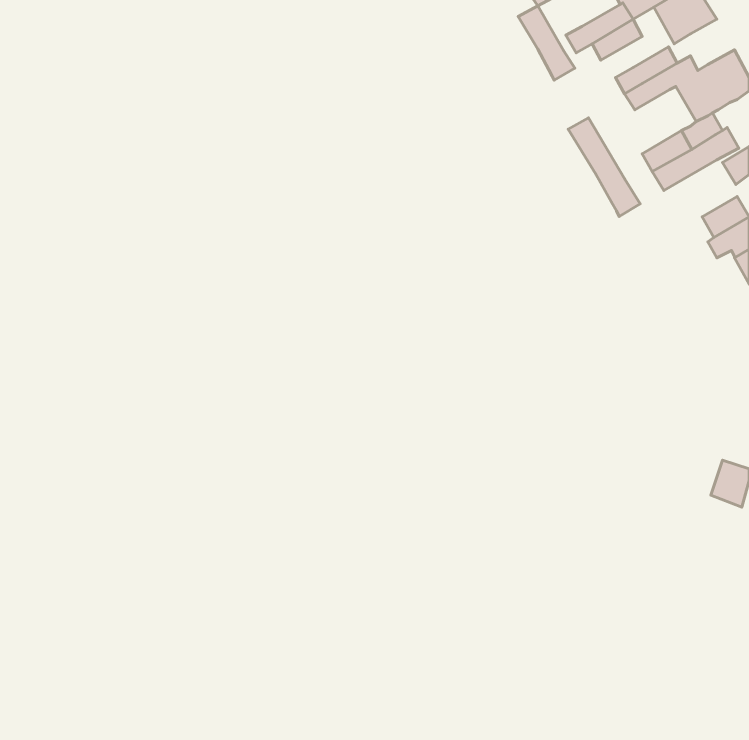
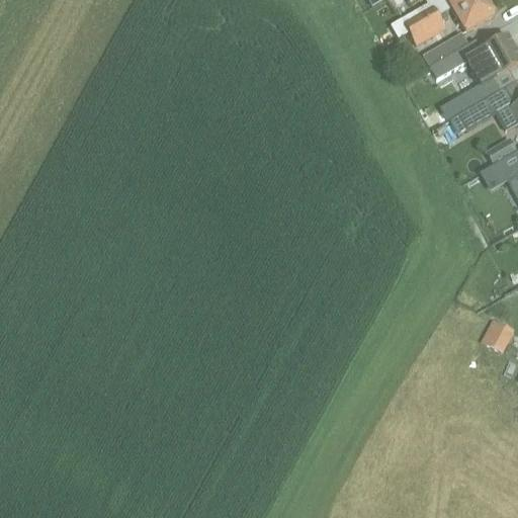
building: [518,6,575,80] -> none
building: [568,118,640,216] -> none

